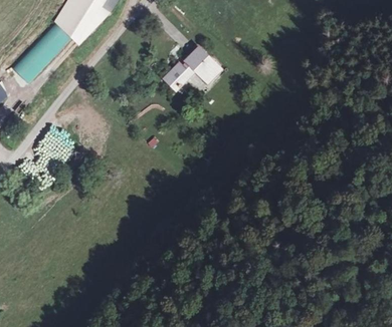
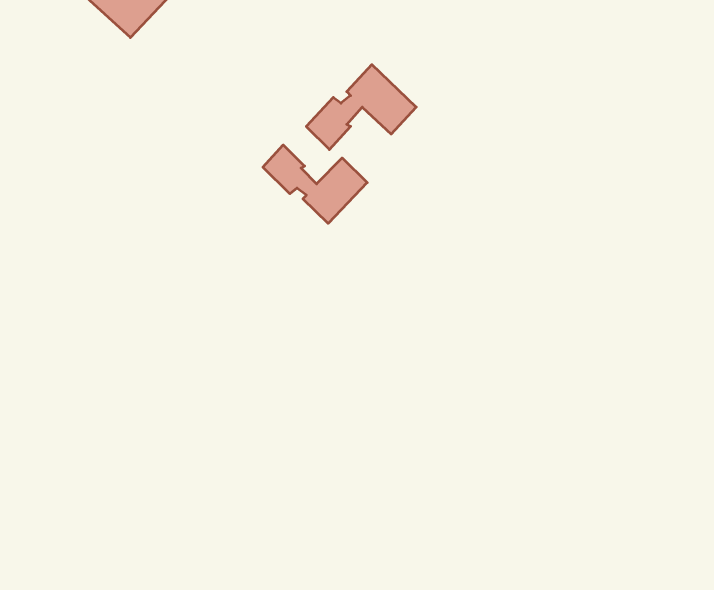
building: none -> [263,145,367,223]

